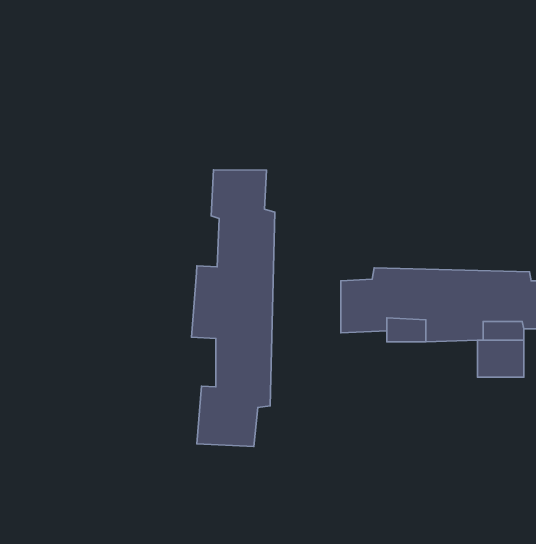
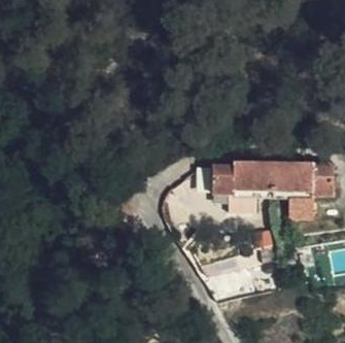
building: [192,170,275,447] -> none

